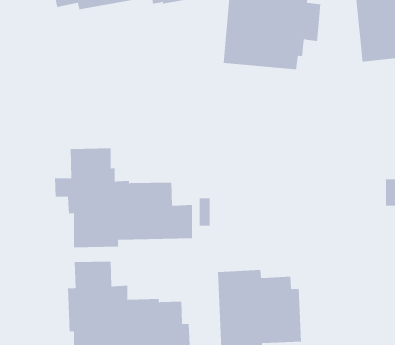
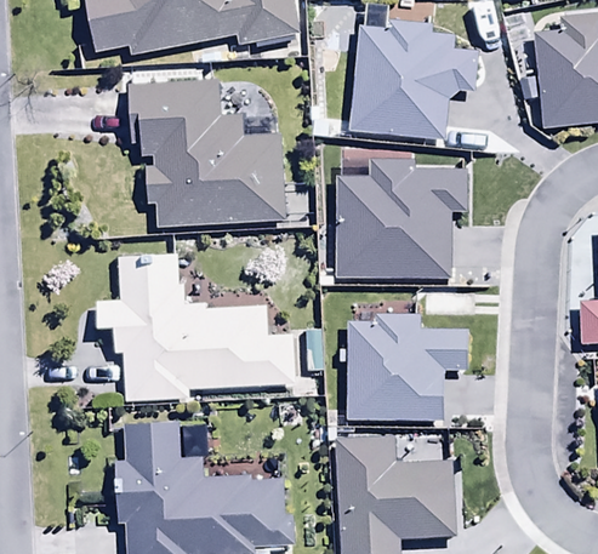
building: none -> [129,80,287,224]
building: none -> [336,161,463,278]
building: none -> [338,313,469,421]

